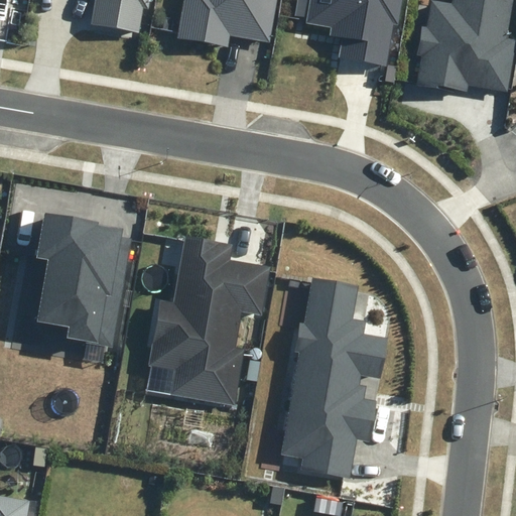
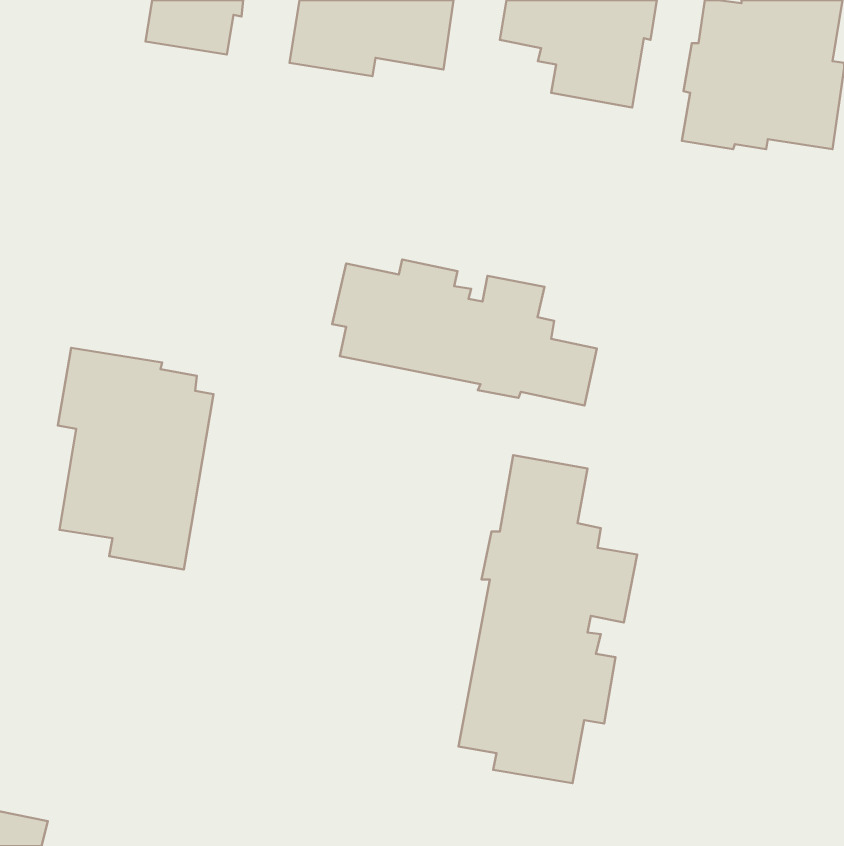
building: none -> [332,259,597,405]
building: [148,237,268,405] -> none

